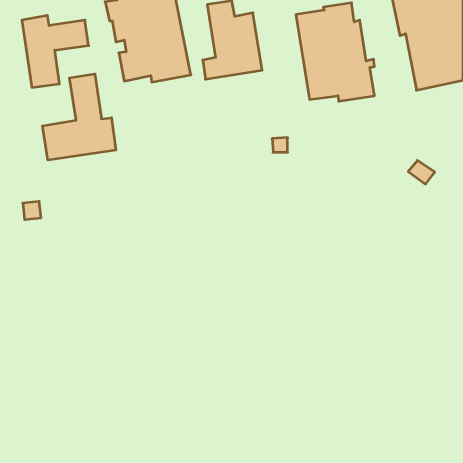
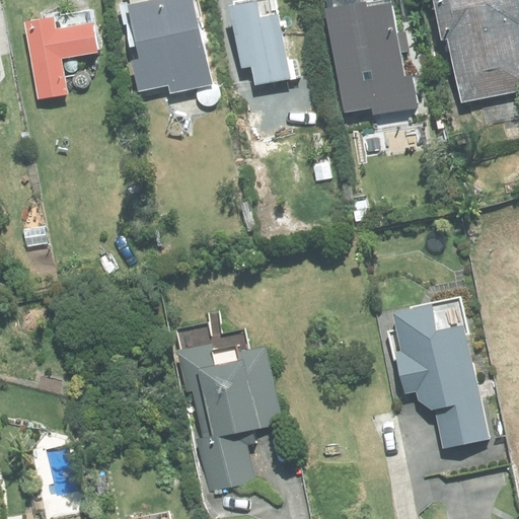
building: [42,74,116,160] -> none
building: none -> [388,305,485,446]
building: none -> [177,343,281,490]

